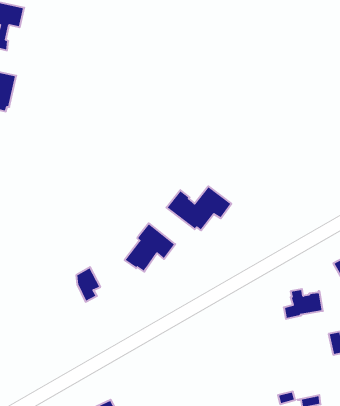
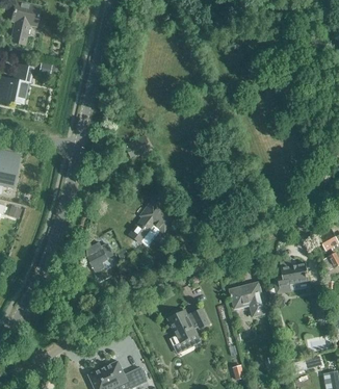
building: [166,186,231,230] -> none
building: none -> [230,283,266,316]
building: none -> [168,309,209,346]

